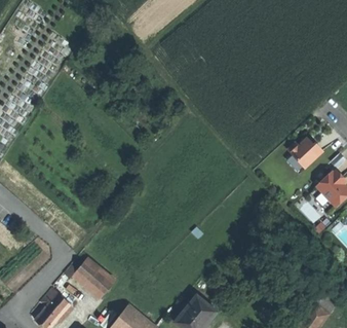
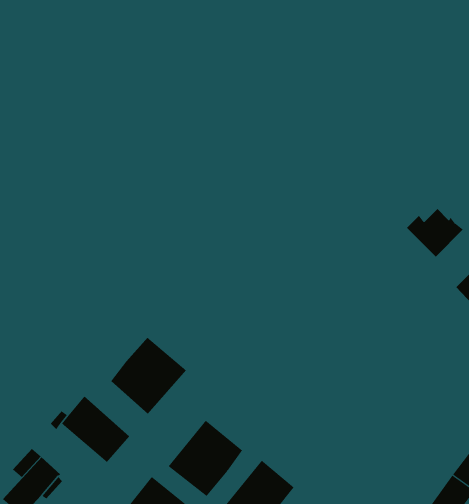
building: none -> [110,337,187,415]
building: none -> [168,420,243,497]

